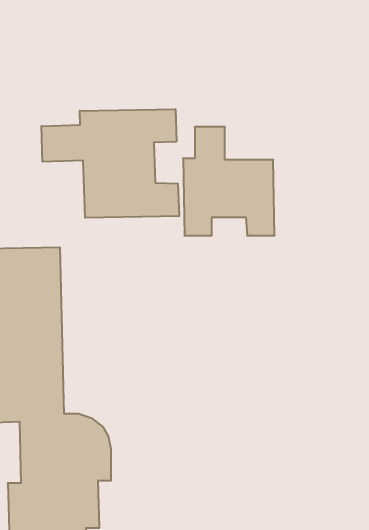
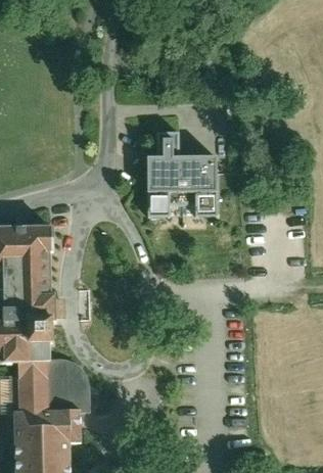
building: [41,109,179,218] -> none

